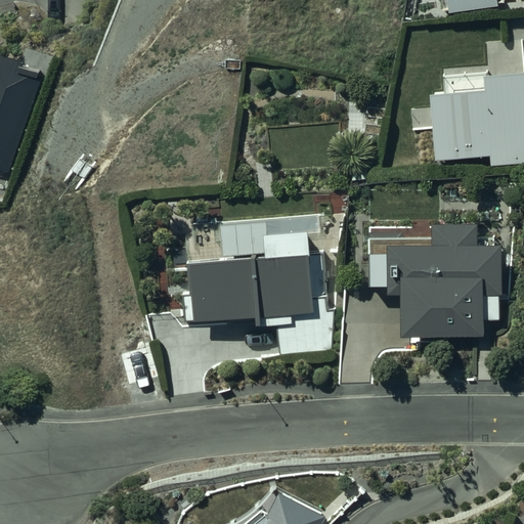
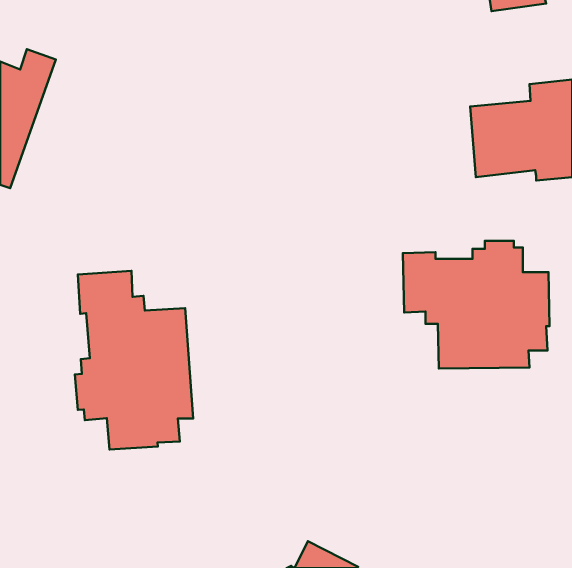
building: [184,222,313,326] -> none
building: none -> [75,271,193,450]

